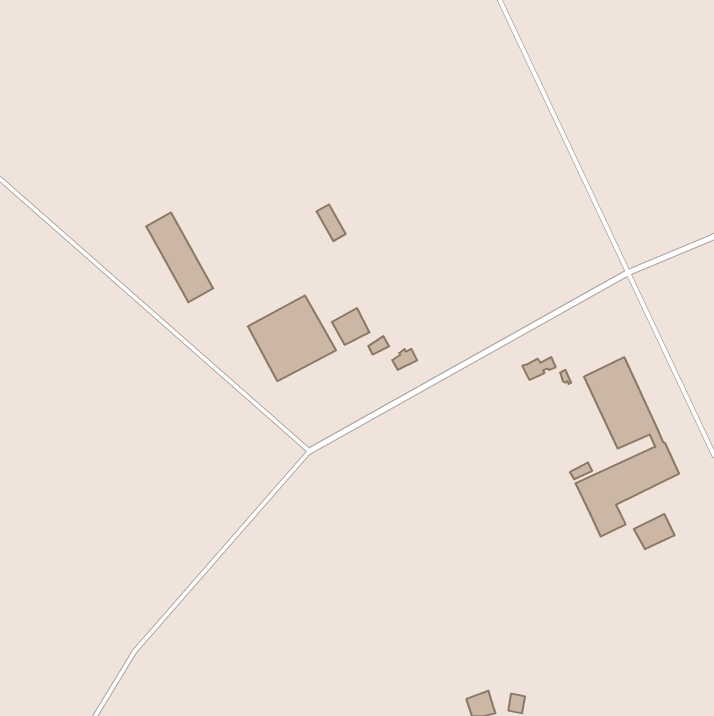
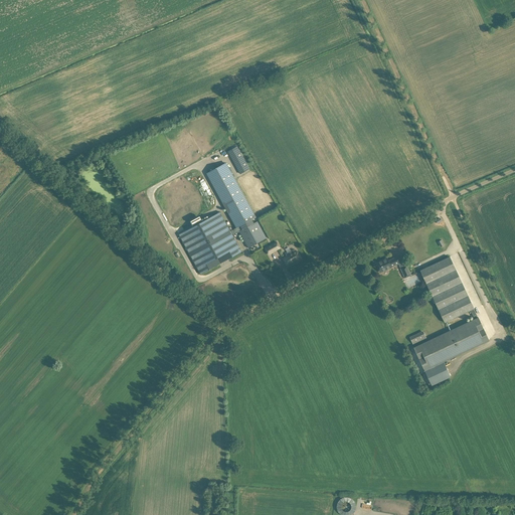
building: [146,213,213,302] -> [206,163,254,227]
building: [634,514,674,549] -> none

